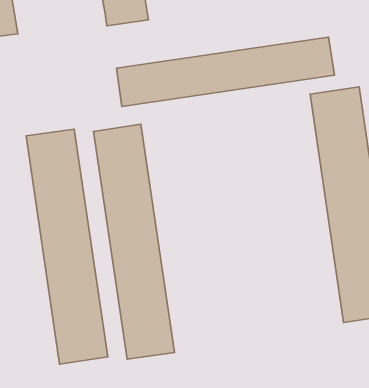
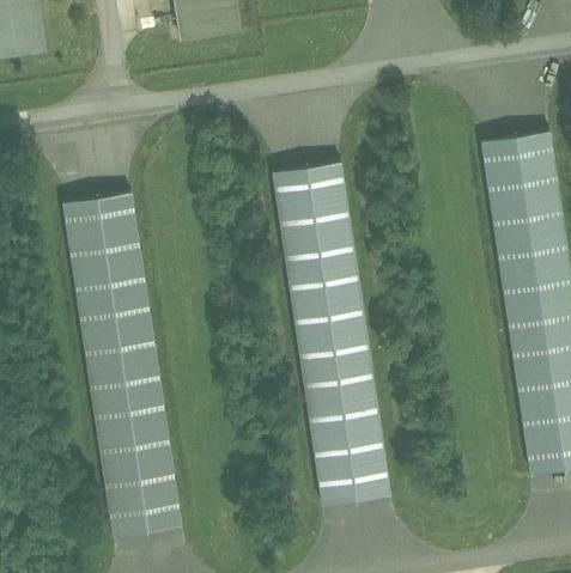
building: [116,37,335,106] -> none
building: [94,124,174,359] -> [272,160,390,505]

